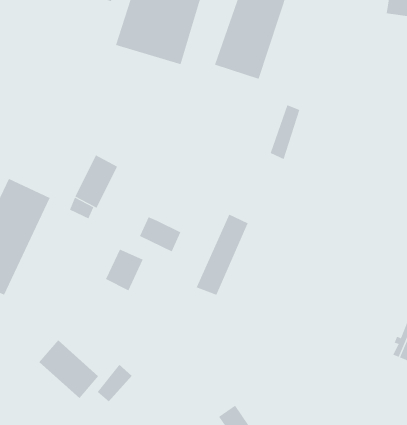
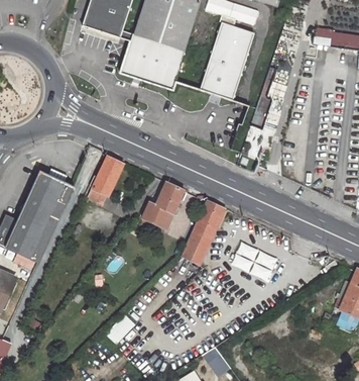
building: [105,249,143,291] -> [155,182,185,214]
building: none -> [233,243,278,279]
building: [39,339,99,399] -> none

